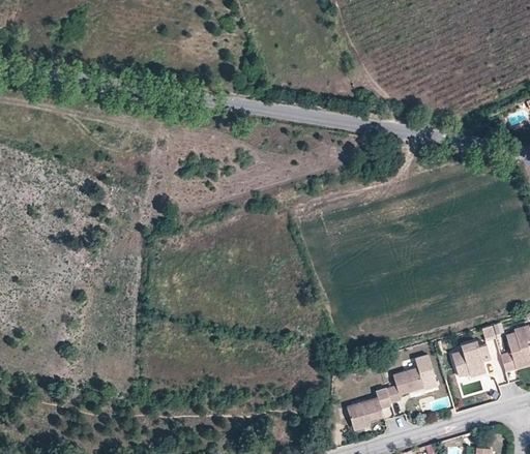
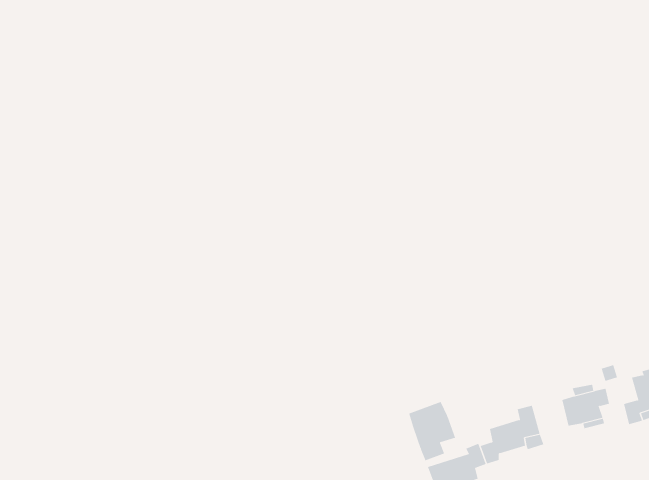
building: none -> [408,401,456,461]

